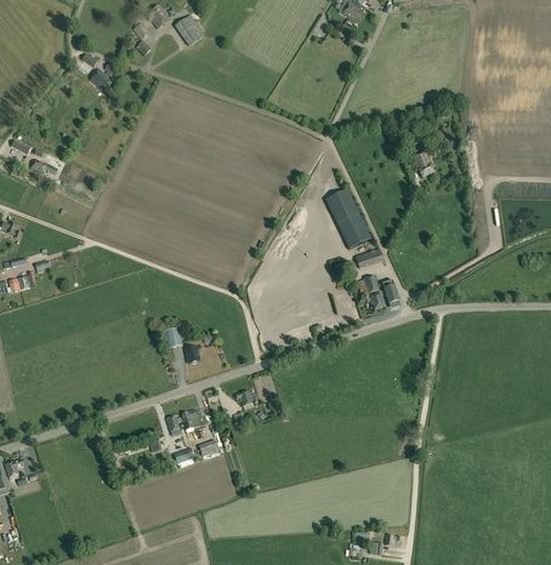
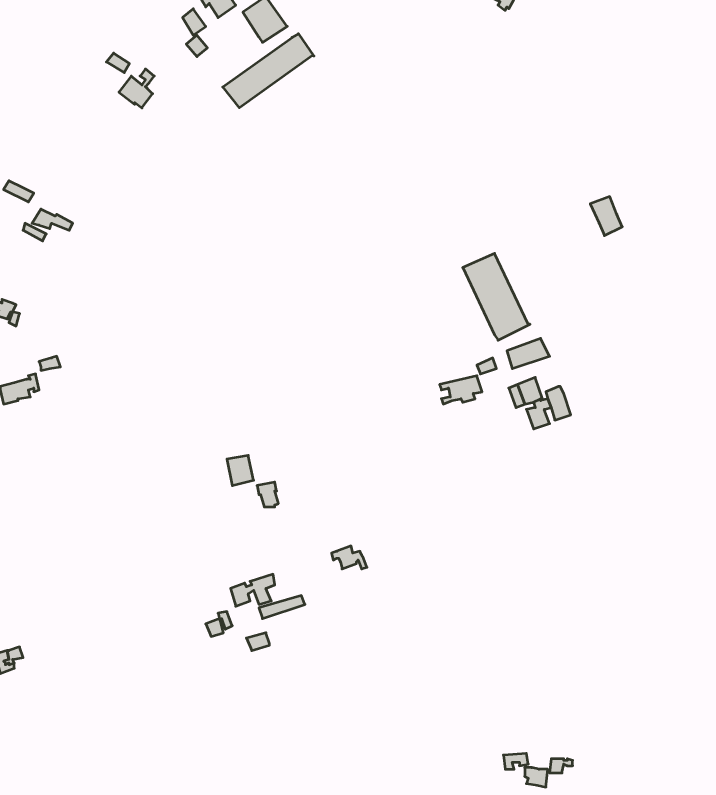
building: none -> [223,34,314,108]

